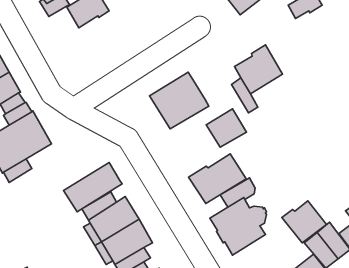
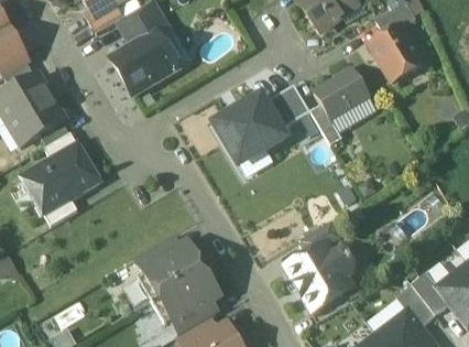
building: none -> [372,25,424,80]
building: none -> [112,31,177,94]
building: [206,109,247,147] -> [264,84,312,129]
building: [189,154,246,204] -> none
building: [63,163,122,212] -> none
building: [282,201,327,243] -> none

